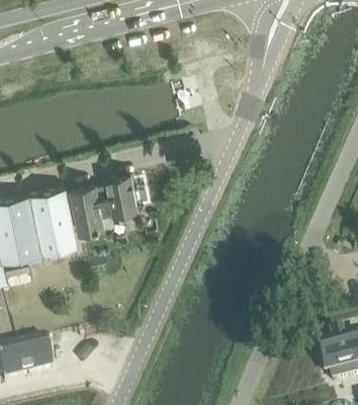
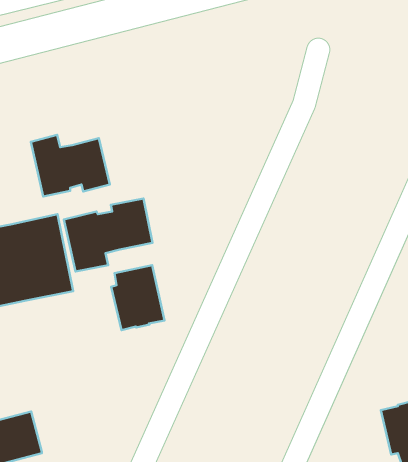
building: none -> [31,135,110,196]
building: none -> [111,265,165,330]

